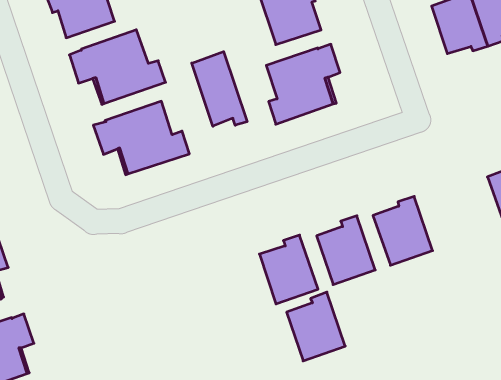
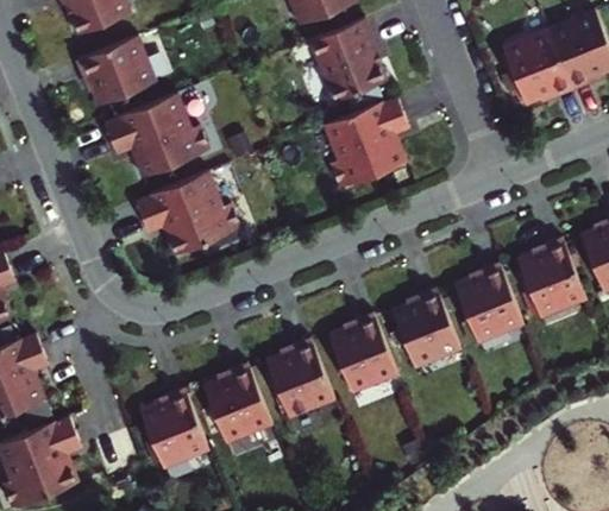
building: [192,52,247,126] -> none
building: none -> [516,239,585,316]
building: none -> [202,365,271,442]
building: [287,292,345,361] -> [265,339,333,417]
building: none -> [139,390,207,467]

